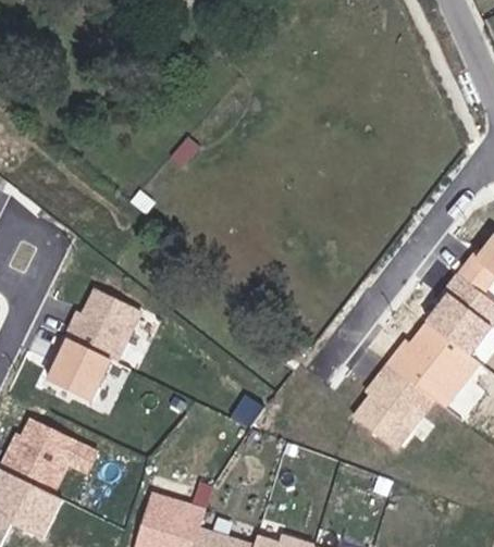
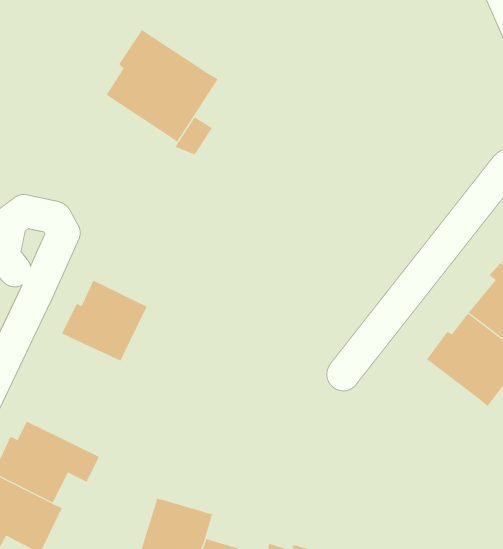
building: none -> [106,29,219,142]
building: [45,339,111,401] -> none
building: [365,361,450,450] -> none

